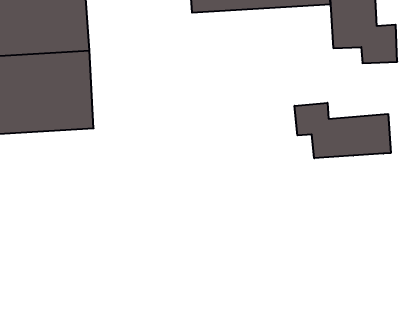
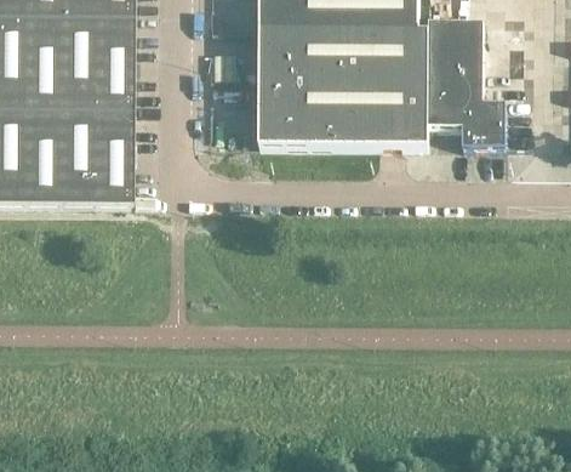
building: none -> [257,70,427,146]
building: [295,103,391,158] -> none

